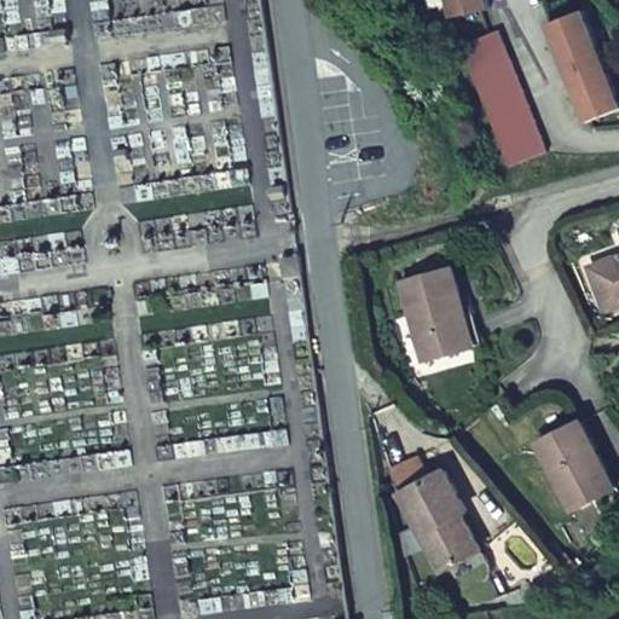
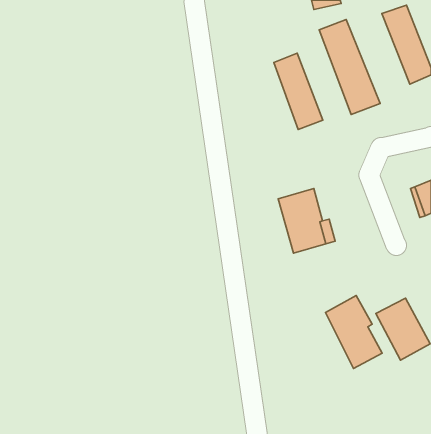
building: none -> [274,53,323,130]
building: [398,472,479,575] -> [325,295,382,368]

